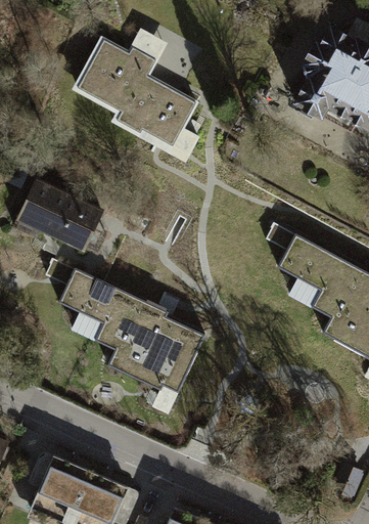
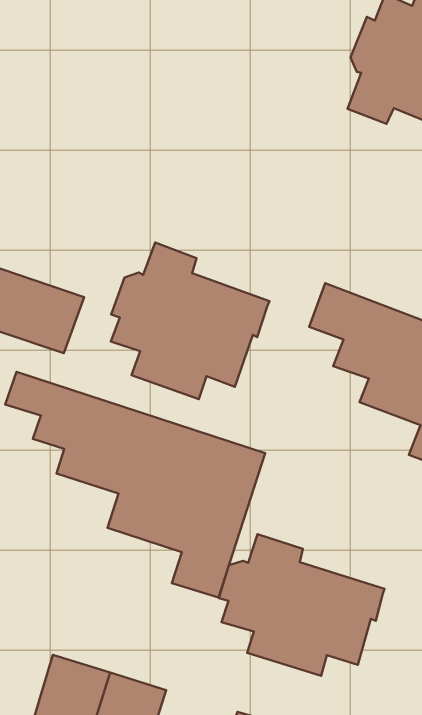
building: [68,21,204,171] -> none
building: none -> [111,242,269,399]
building: none -> [219,534,385,676]

